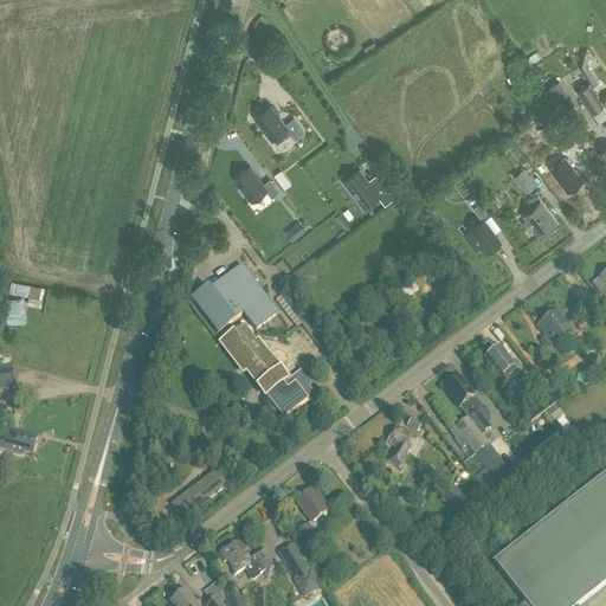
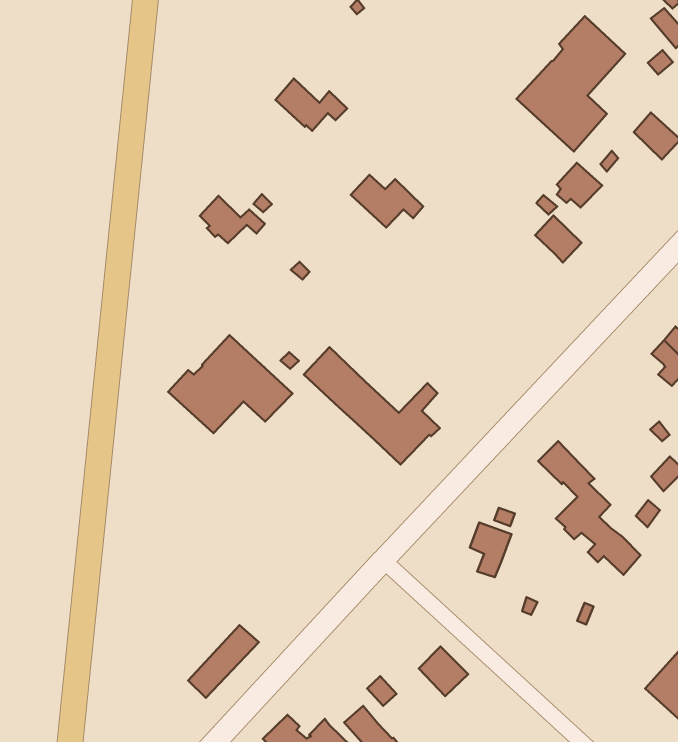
building: none -> [516,16,625,151]
building: [253,102,303,141] -> [275,78,347,131]
building: [522,200,555,232] -> [557,163,602,207]
building: [225,324,317,415] -> [304,347,440,465]
building: [484,344,521,383] -> none
building: [295,485,329,521] -> [419,647,468,696]

